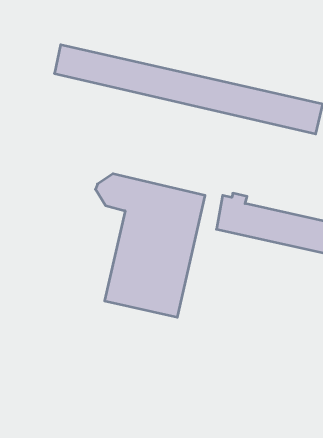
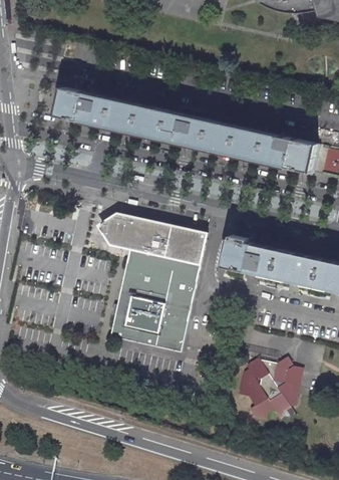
building: none -> [239,356,302,420]

